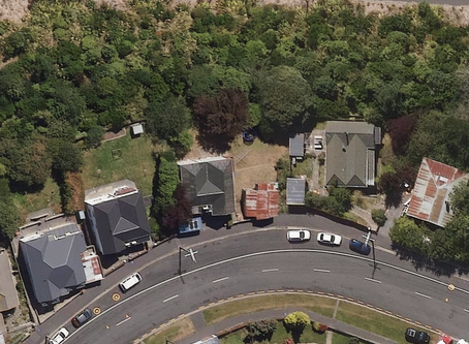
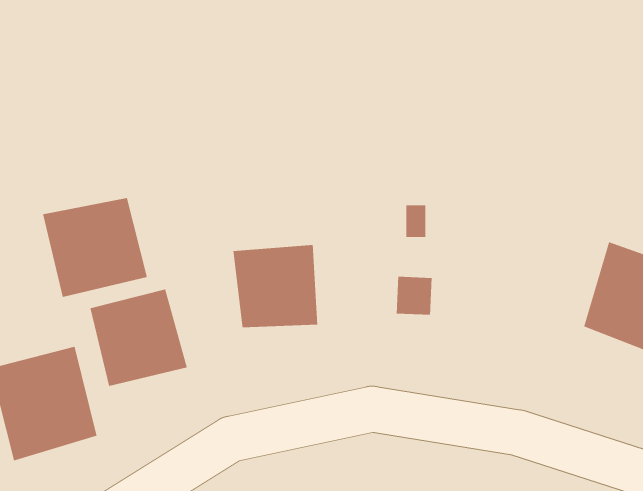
building: [325,124,376,187] -> none
building: none -> [42,197,148,298]
building: [243,179,274,218] -> none

